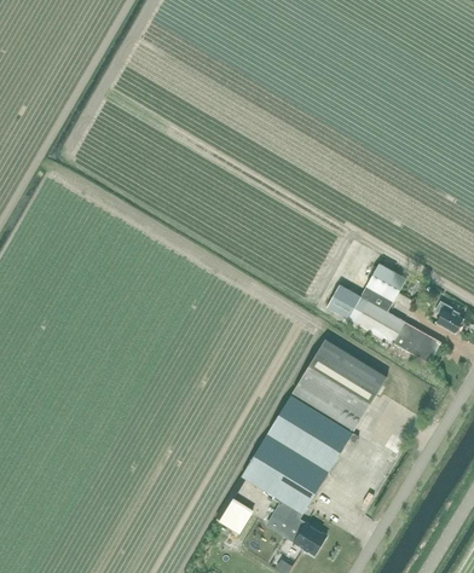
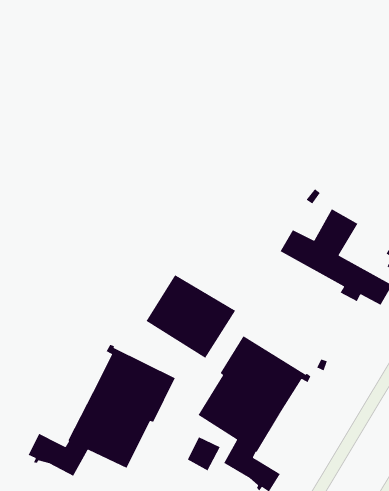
building: [293,341,386,428] -> [146,274,236,359]
building: none -> [28,344,176,477]

